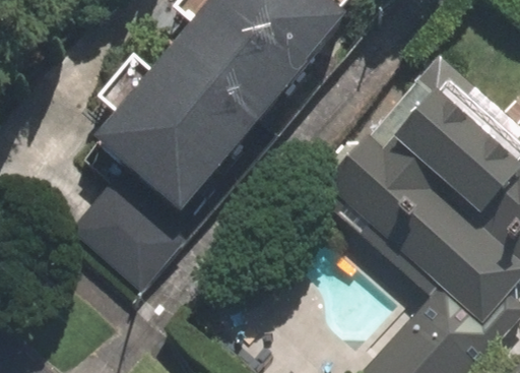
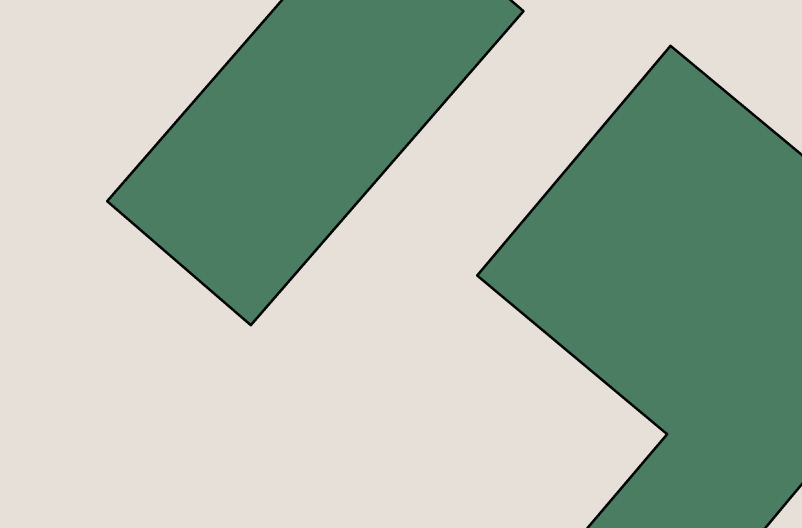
building: [76,177,186,283] -> none

